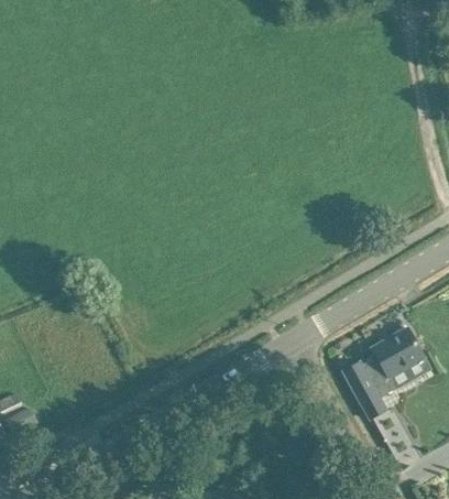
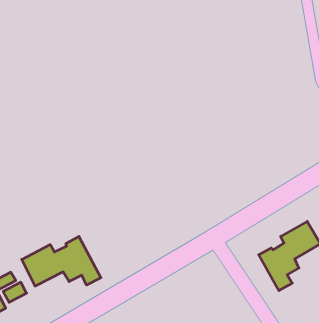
building: none -> [22,236,101,286]

